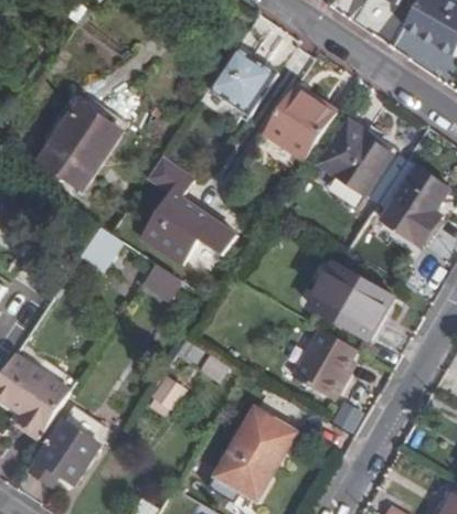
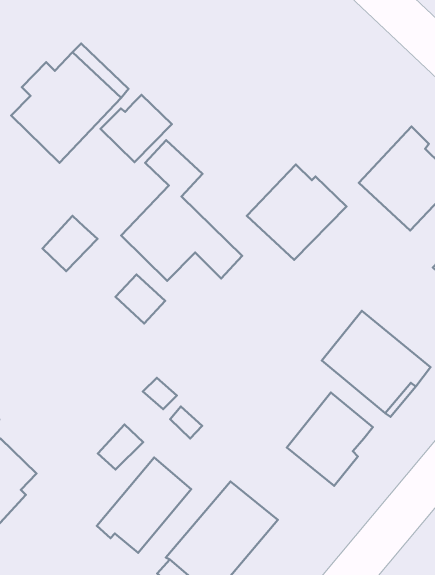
building: [208,45,277,116] -> none
building: [263,87,338,160] -> [247,165,347,260]
building: none -> [101,95,172,162]
building: none -> [97,457,191,553]

